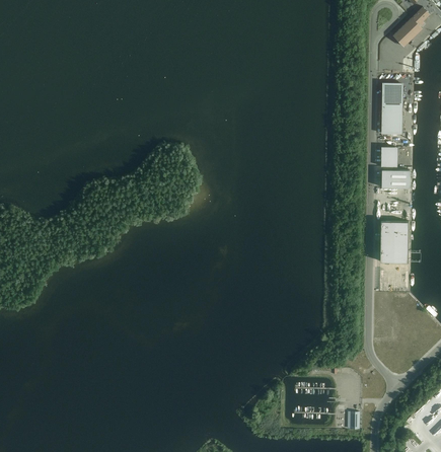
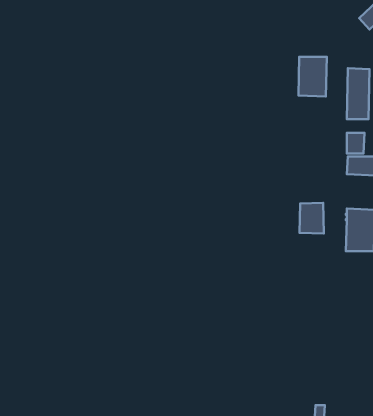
building: none -> [299,57,327,96]
building: none -> [300,203,324,233]

